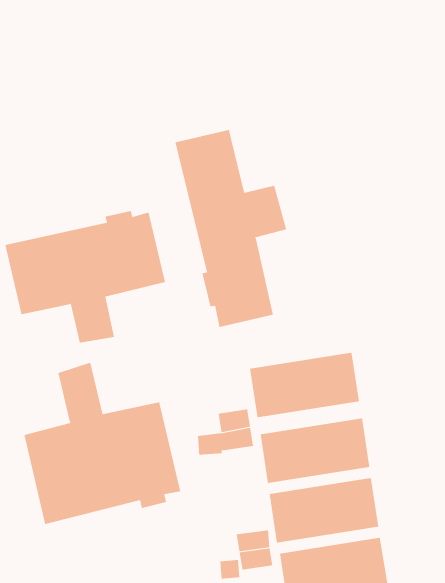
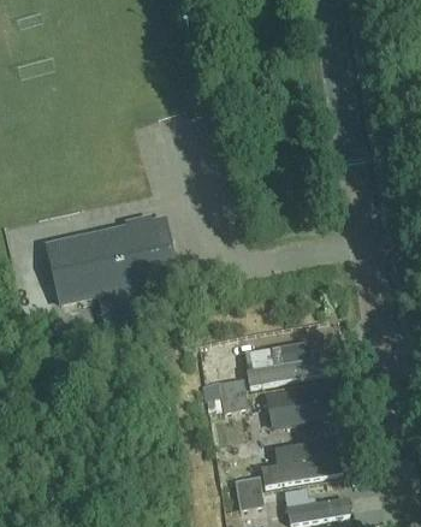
building: [175,129,287,328] -> none
building: [24,362,181,525] -> none

